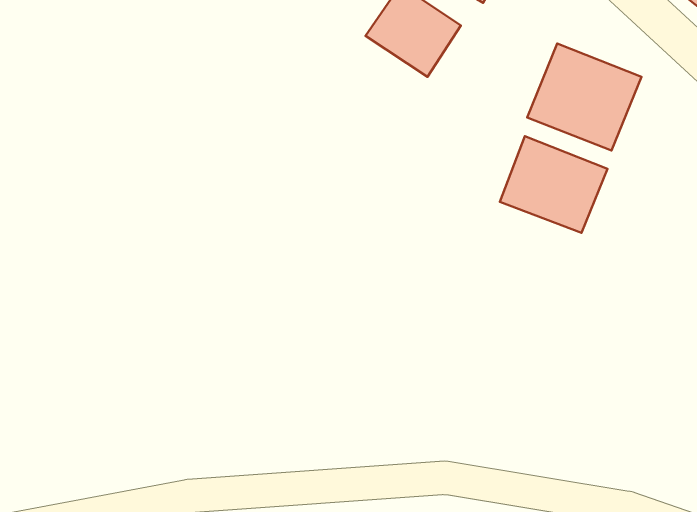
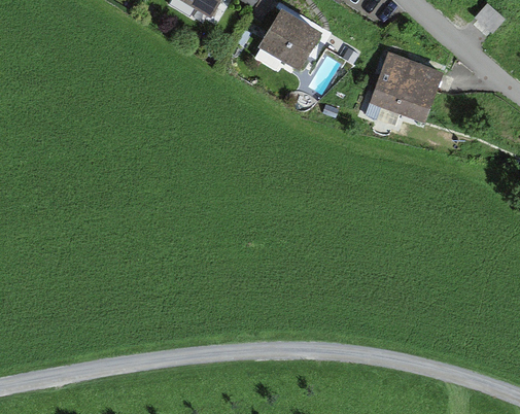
building: [500,136,608,233] -> none

